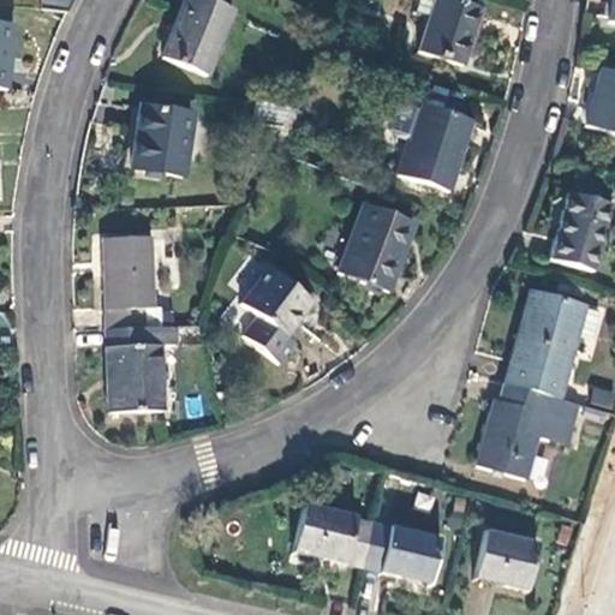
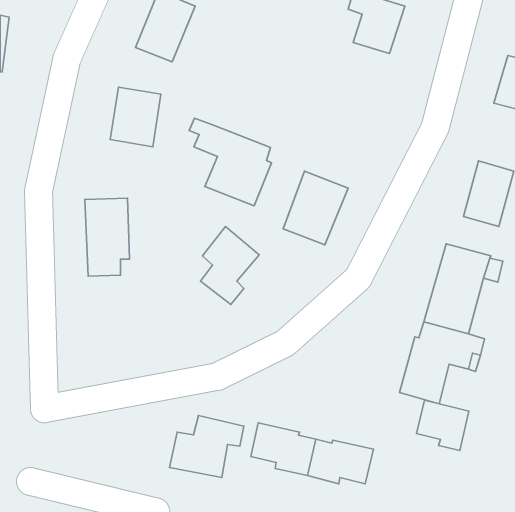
building: [398,102,471,190] -> none
building: none -> [189,118,271,206]
building: [107,324,177,413] -> none
building: none -> [169,416,244,478]
building: [480,529,543,589] -> [416,400,469,451]

